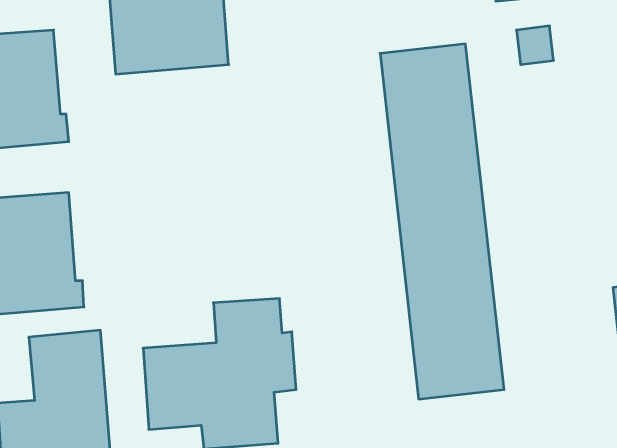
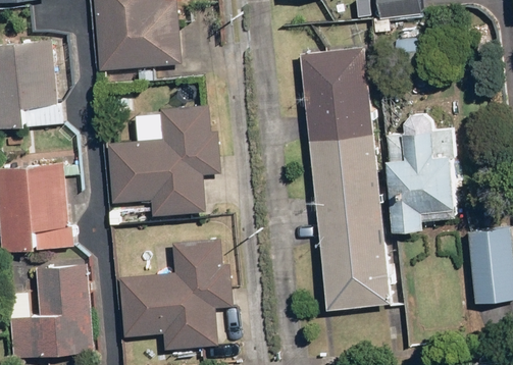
building: none -> [109,104,223,216]
building: none -> [389,114,458,230]

